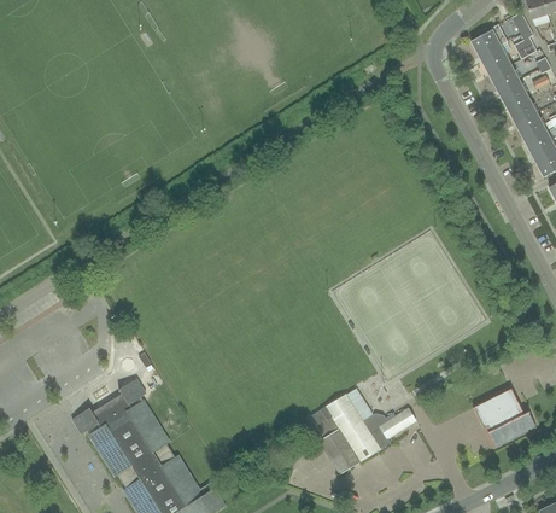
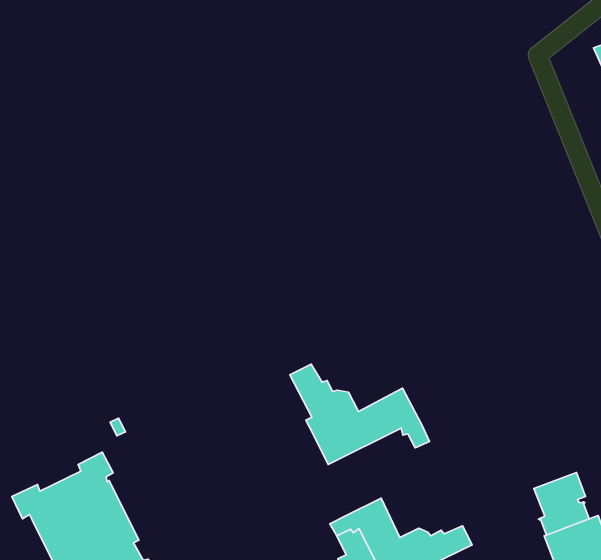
building: none -> [290,364,430,465]
building: none -> [534,472,589,535]

